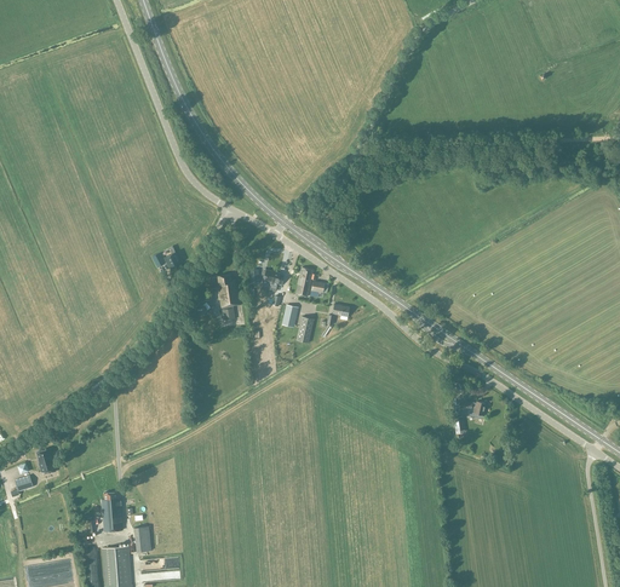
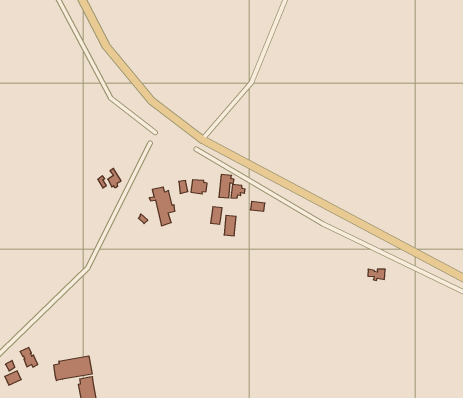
building: none -> [54,356,92,381]

